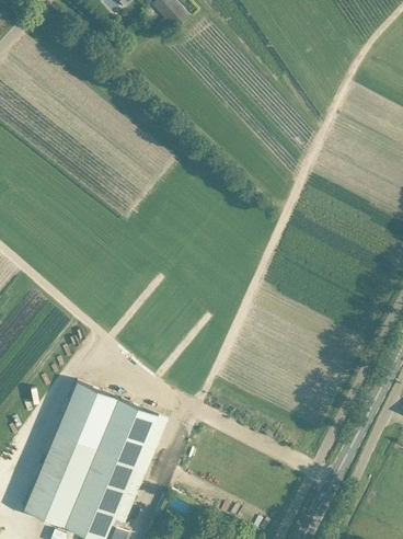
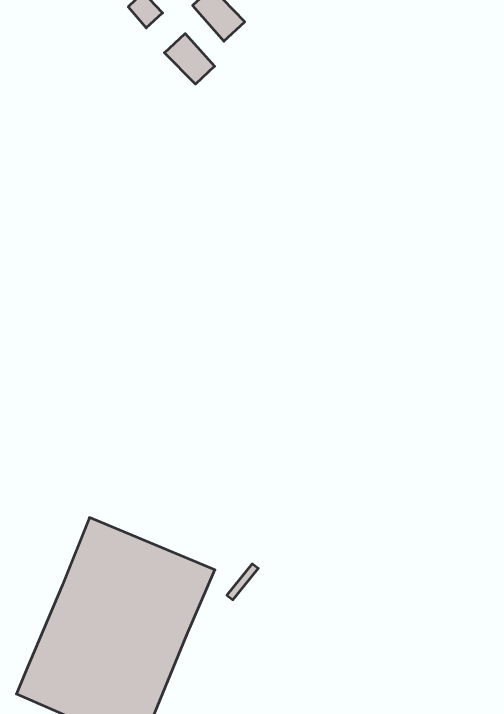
building: none -> [164,34,215,84]

